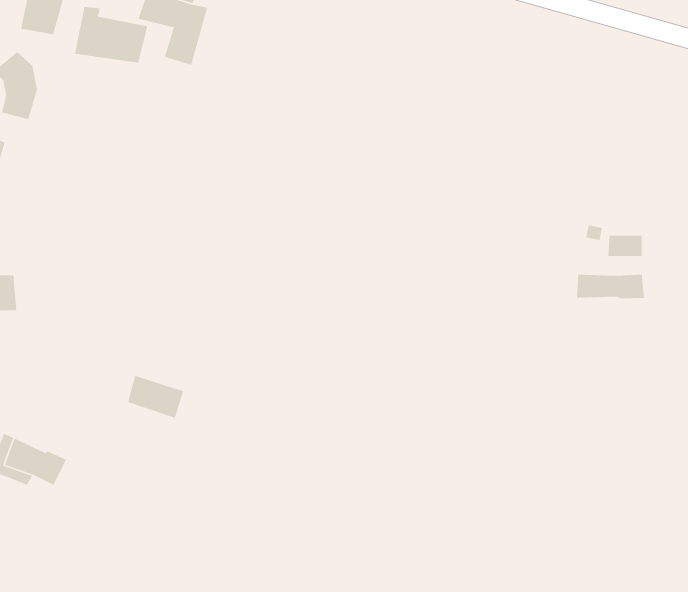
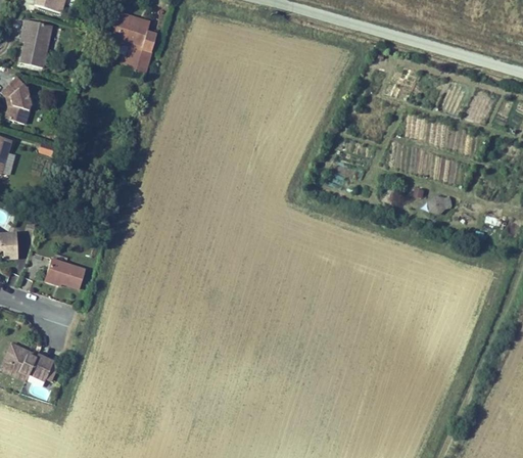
building: [74,6,148,64] -> none
building: [576,274,645,299] -> none
building: [127,375,184,419] -> [45,258,85,288]

